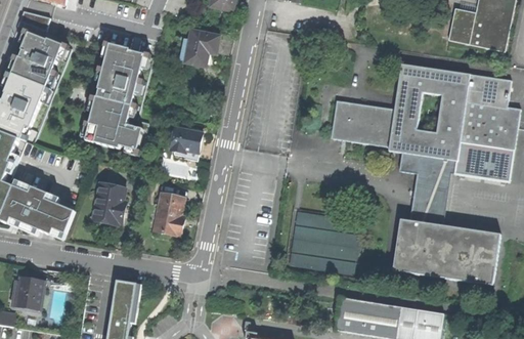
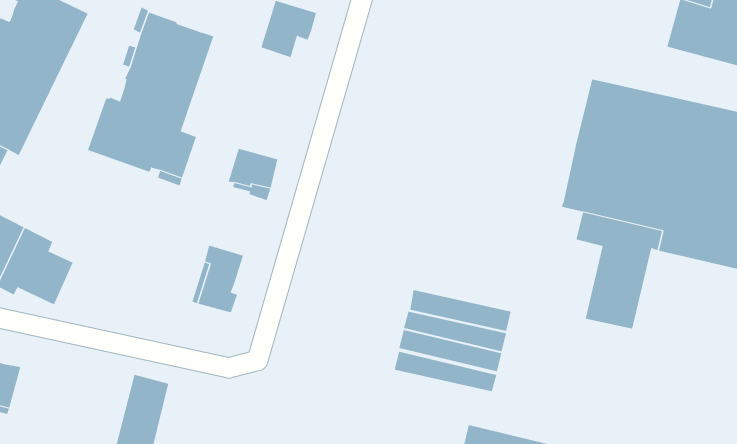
building: [331,100,394,146] -> none
building: [96,182,126,222] -> none
building: [393,219,499,284] -> none

